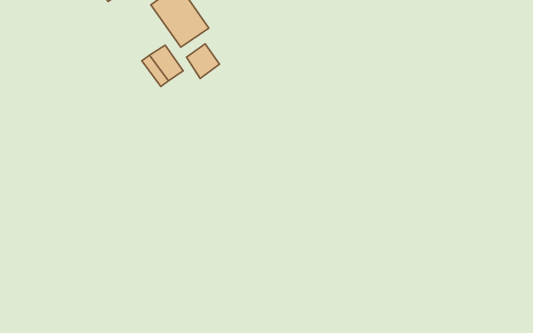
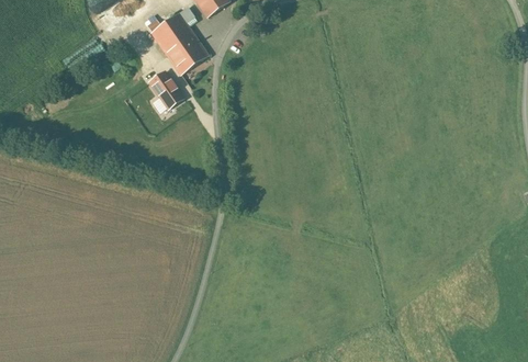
building: [187,44,220,78] -> none

